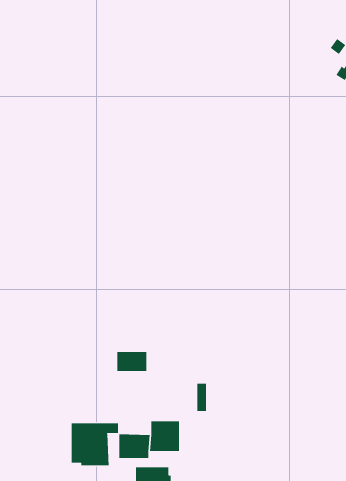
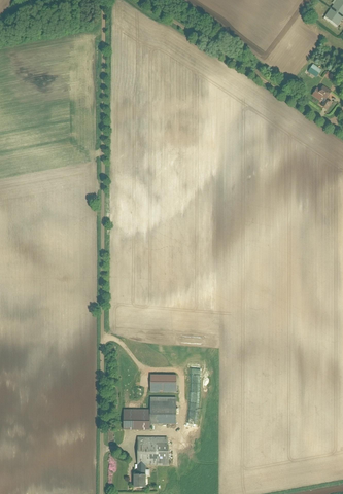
building: [117,351,147,371] -> [149,374,176,391]
building: [71,422,118,466] -> none

